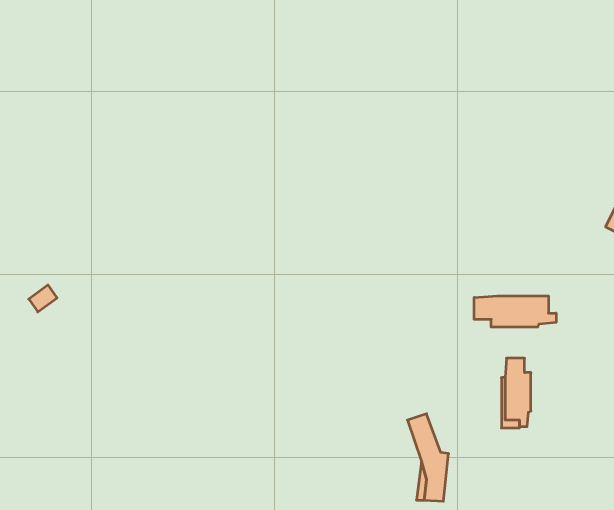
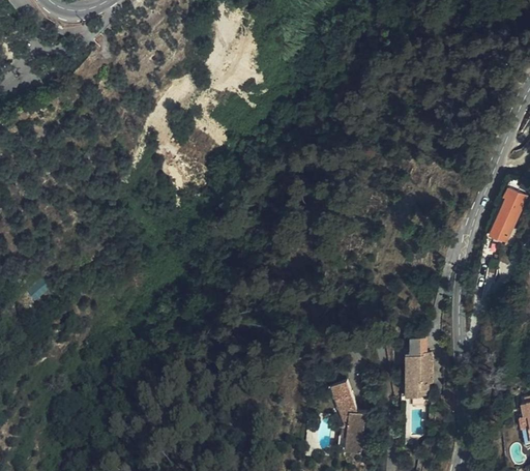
building: [474,296,556,327] -> none

